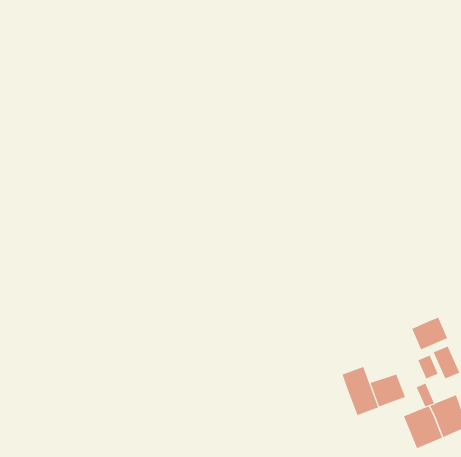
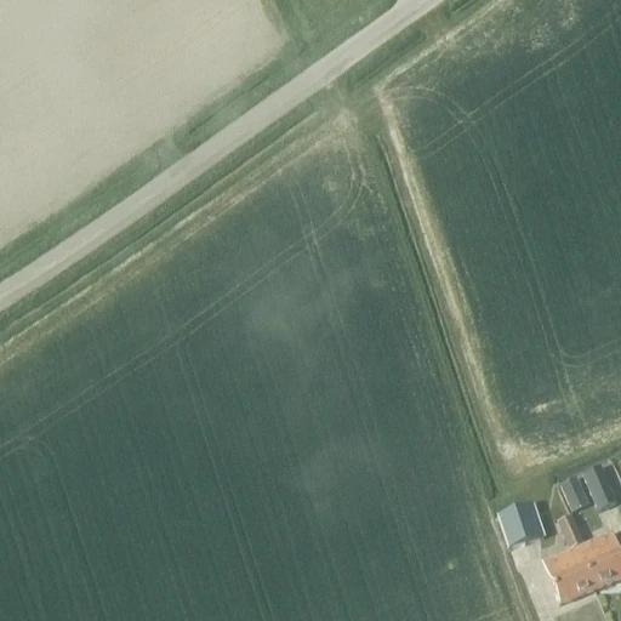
building: [412,317,448,350] -> none
building: [342,366,379,416] -> none

